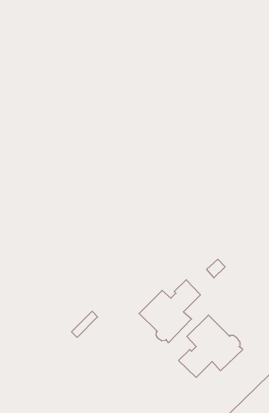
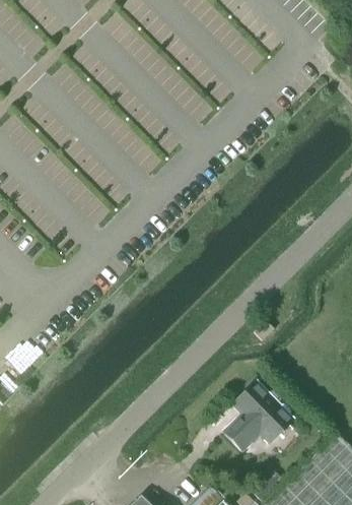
building: [139,280,200,343] -> none

